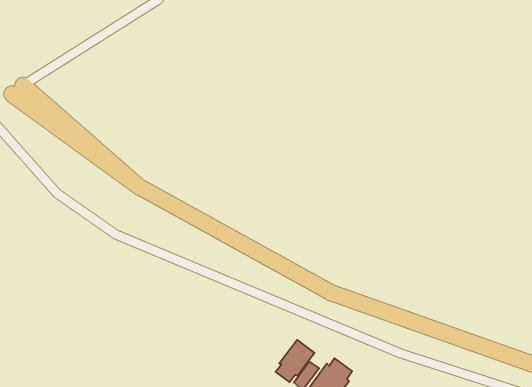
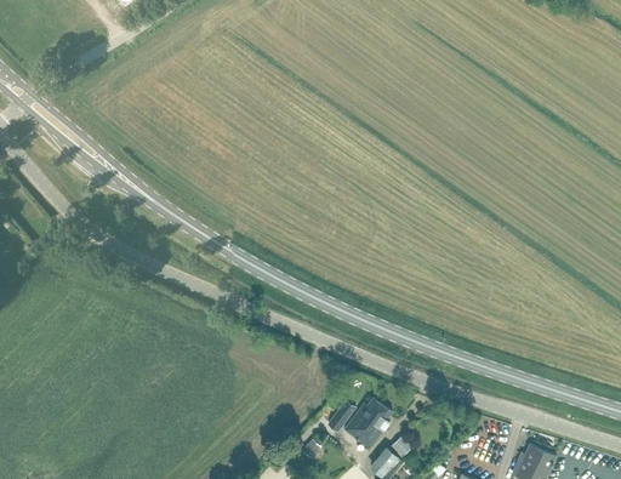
building: [276,340,315,382] -> none

